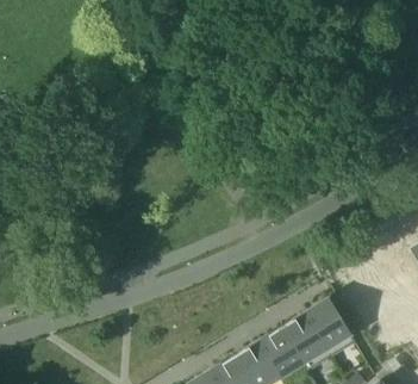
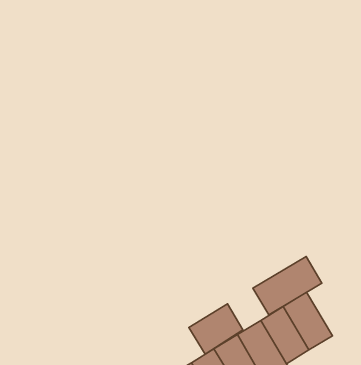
building: none -> [253,256,322,315]
building: none -> [189,304,243,354]

